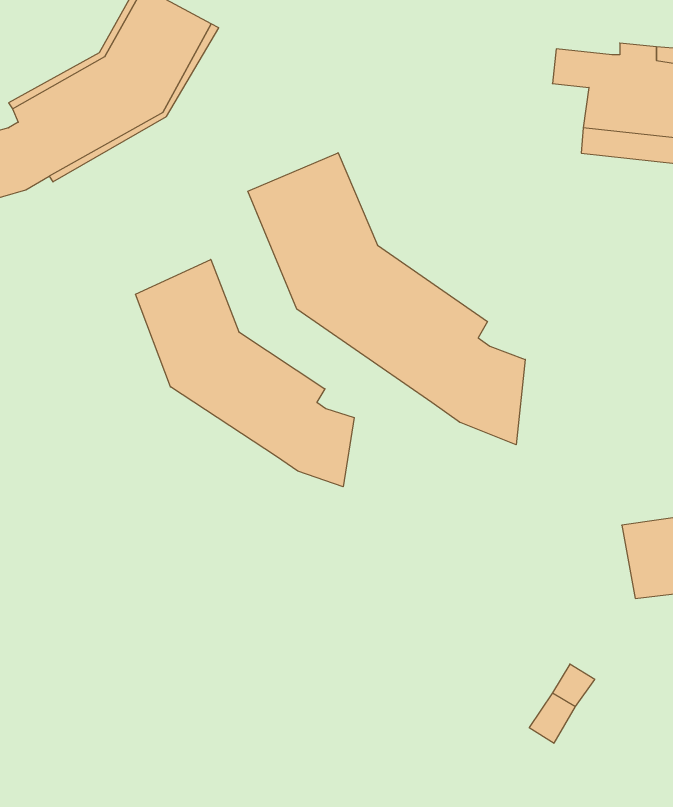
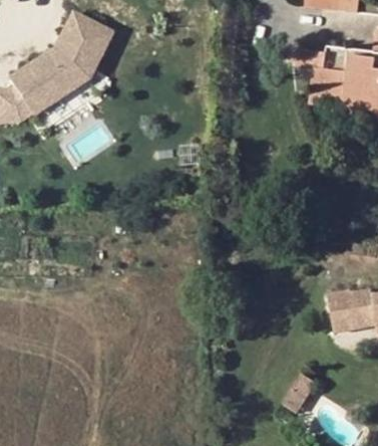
building: [248,153,525,445] -> none
building: [136,259,354,487] -> none

